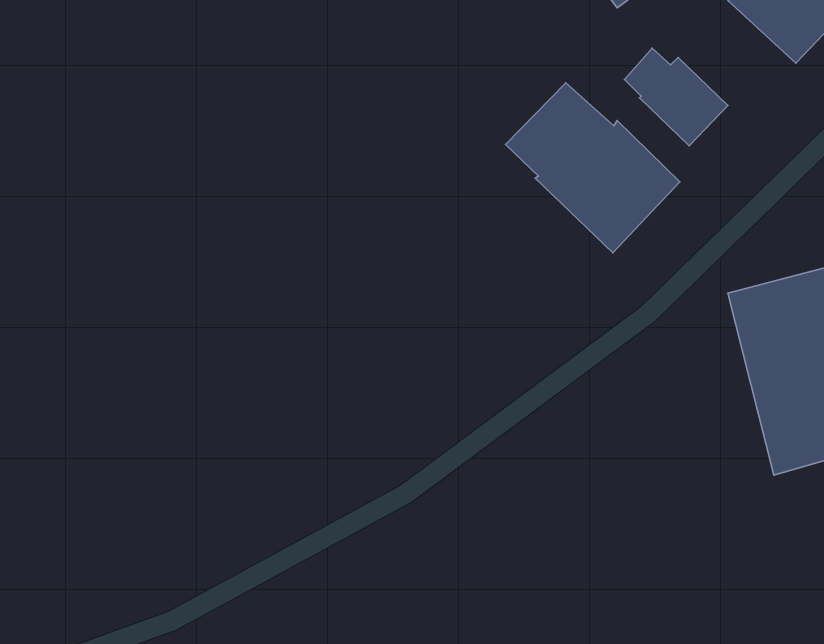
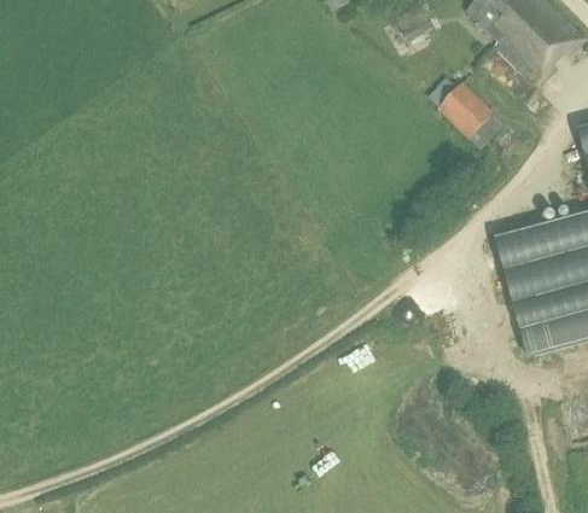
building: [505,83,680,253] -> none

